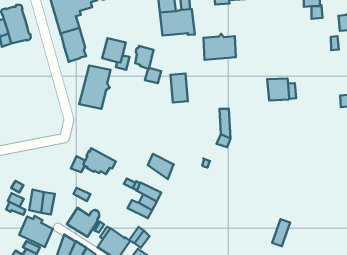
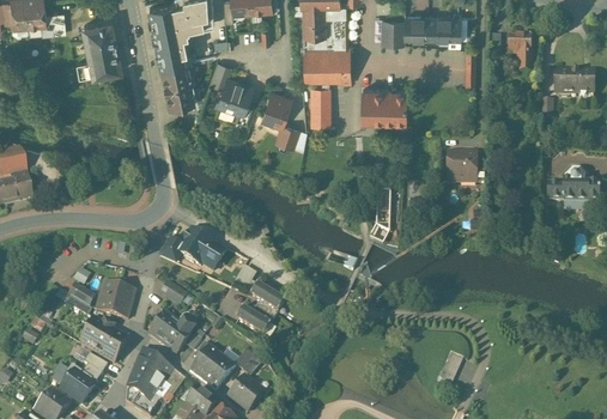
building: [79,66,111,109] -> none
building: [170,73,188,103] -> [310,83,332,122]
building: [148,154,174,179] -> none

